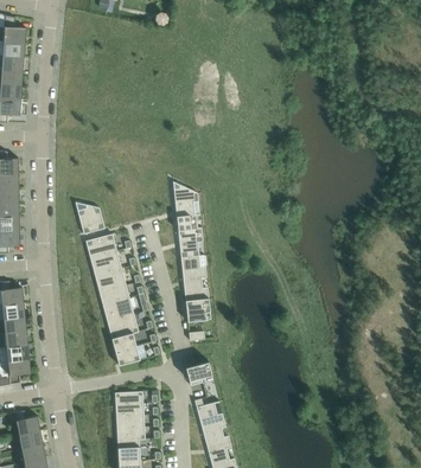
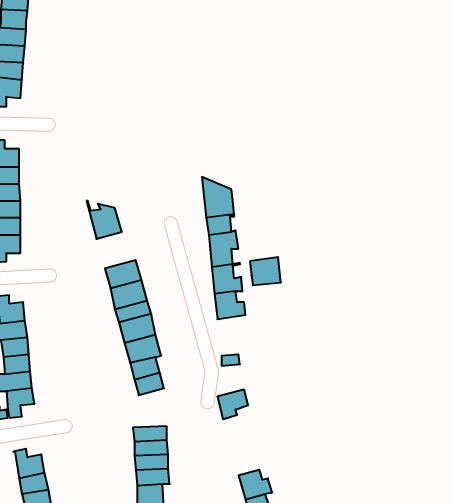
building: [85,235,116,259] -> none
building: [185,299,211,322] -> [250,257,281,285]
building: [196,402,225,434] -> none

